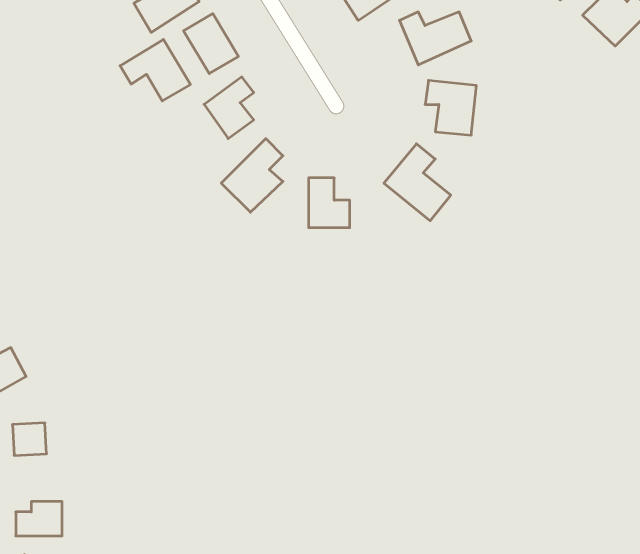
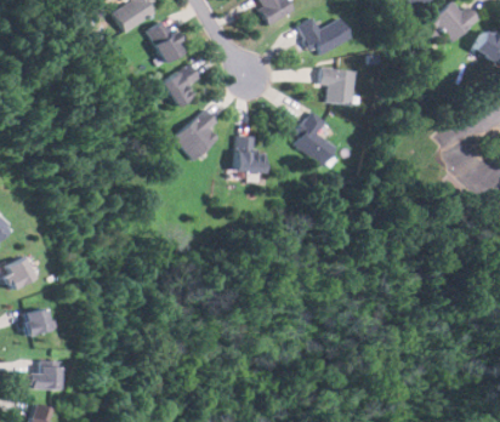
building: [120,39,190,101] -> none

